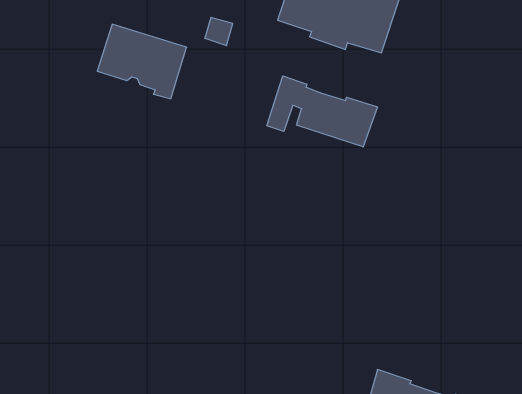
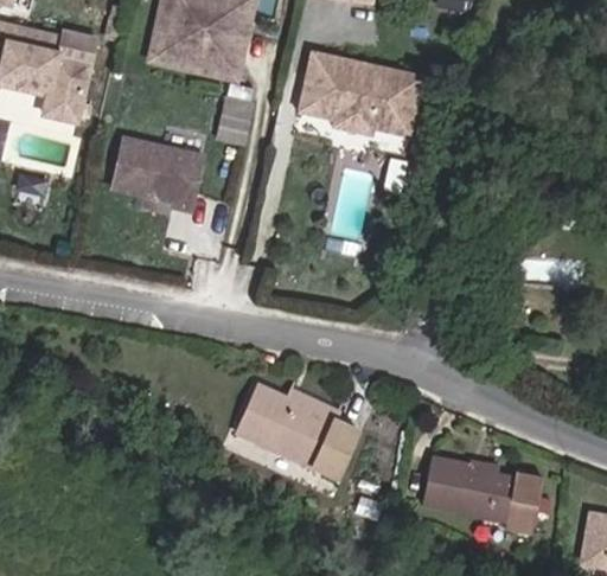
building: [267,76,377,147] -> none
building: none -> [245,386,364,482]

